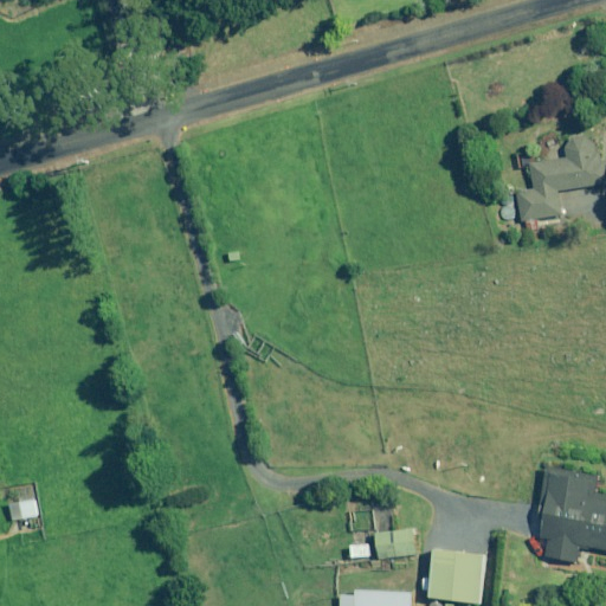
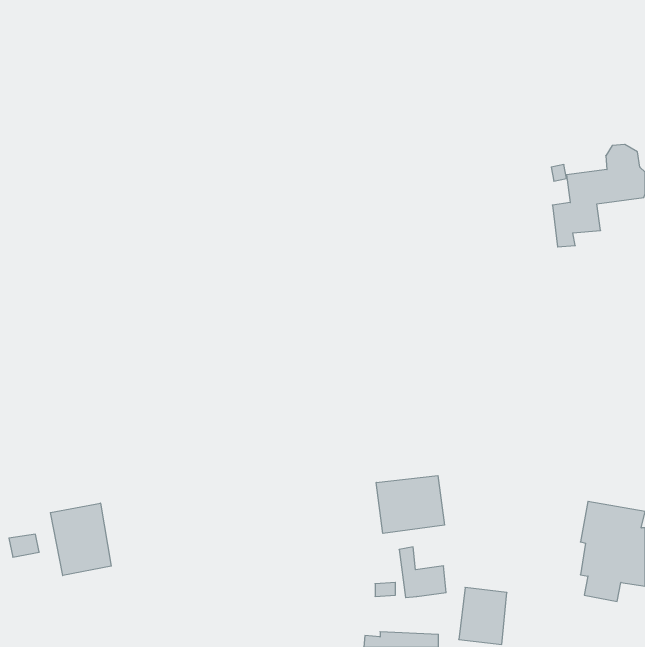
building: none -> [376,476,444,533]
building: none -> [50,503,111,576]

